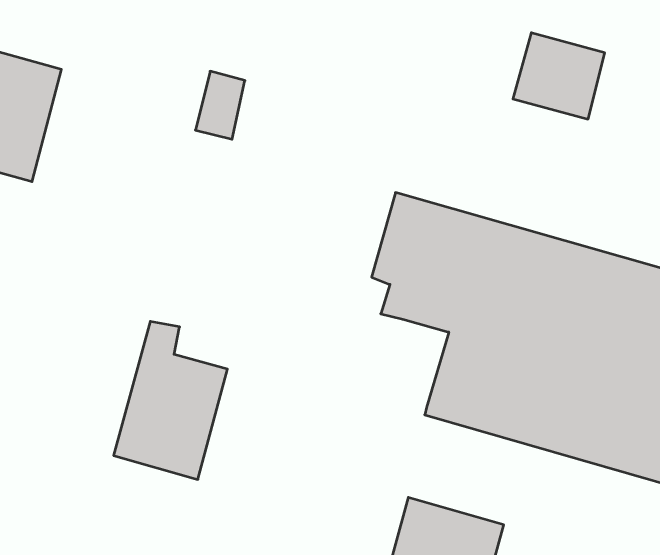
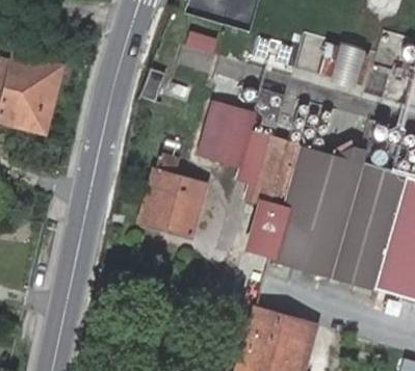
building: none -> [197,103,257,169]
building: none -> [245,206,283,256]
building: [114,321,227,479] -> [142,147,207,236]

